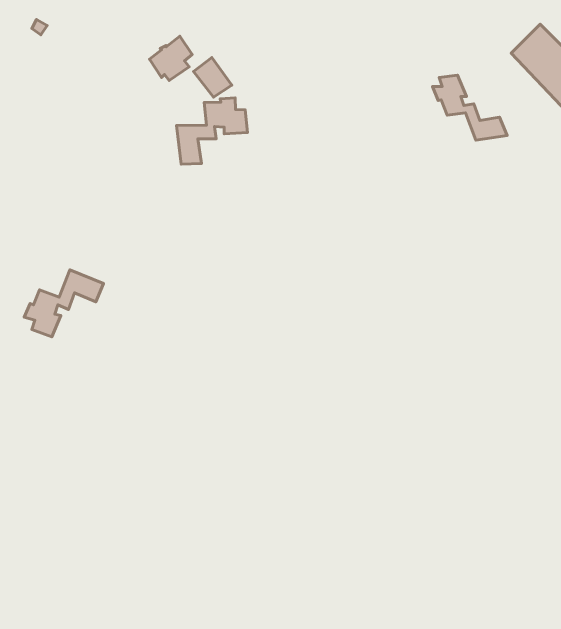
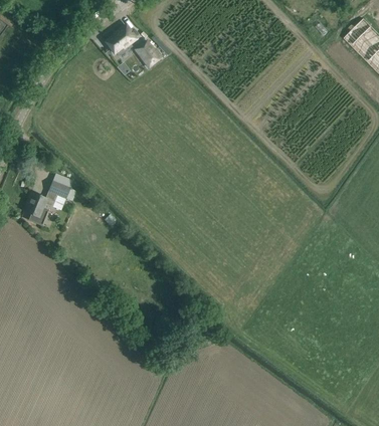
building: [432,75,507,140] -> none
building: [177,98,248,164] -> none

